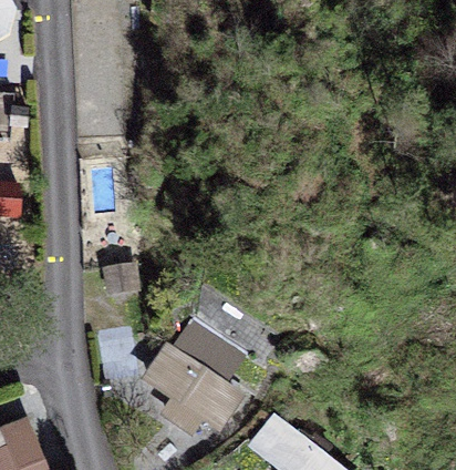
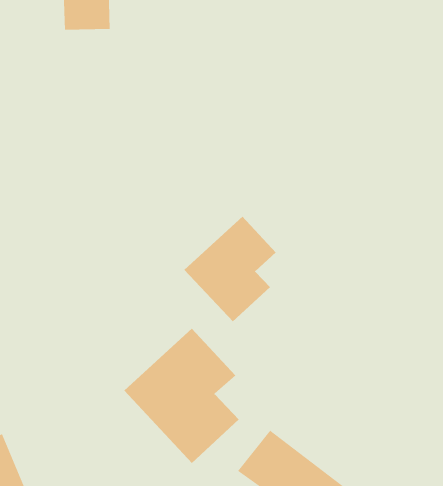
building: none -> [183,216,277,322]

